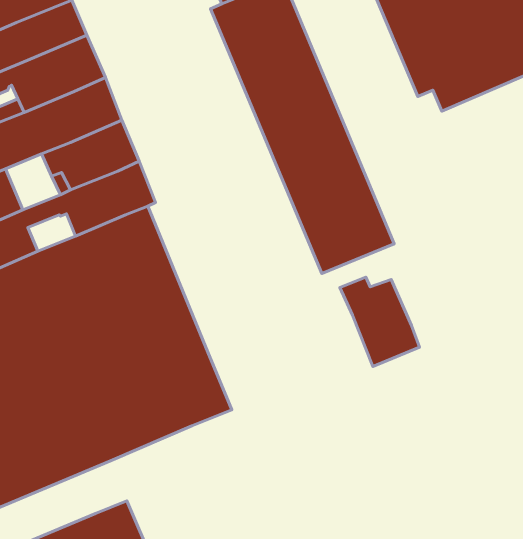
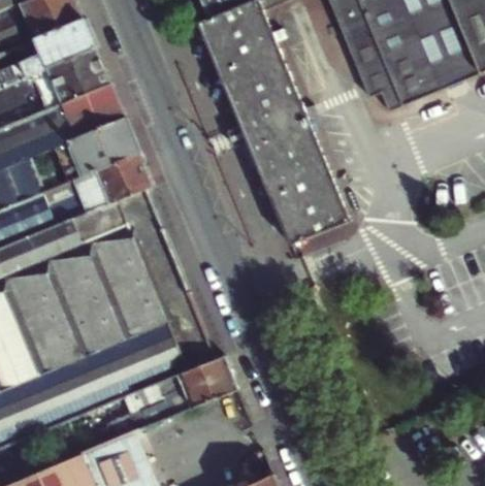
building: [340,277,419,367] -> none
building: none -> [97,355,235,443]

